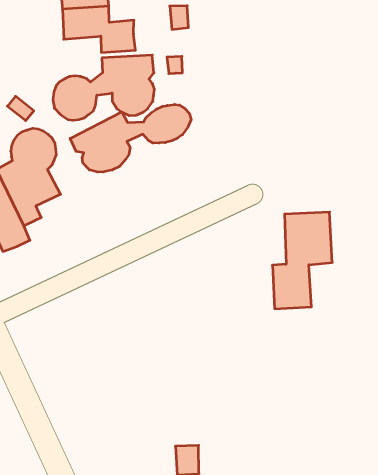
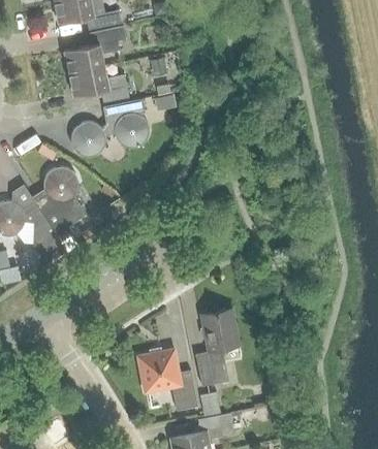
building: [70,104,191,172] -> none
building: [272,212,332,309] -> [194,307,240,386]
building: none -> [135,347,197,411]

